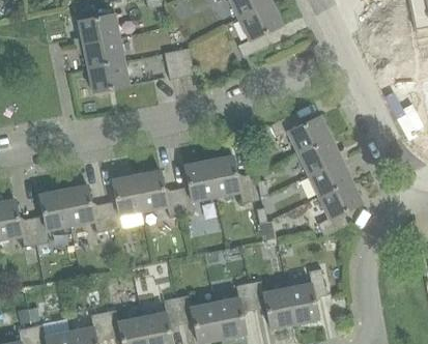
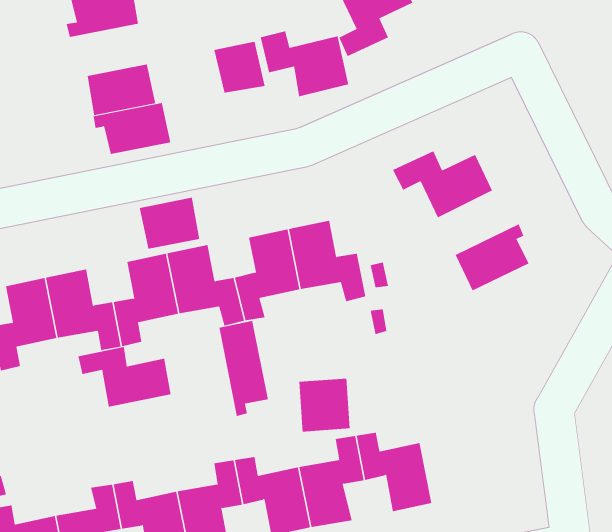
building: [78,37,124,68] -> [93,102,171,155]
building: none -> [260,30,349,97]
building: [297,137,346,175] -> none
building: none -> [139,197,200,250]
building: [318,180,363,235] -> none
building: none -> [219,320,268,417]
building: none -> [78,346,171,407]
building: [287,268,326,323] -> none

